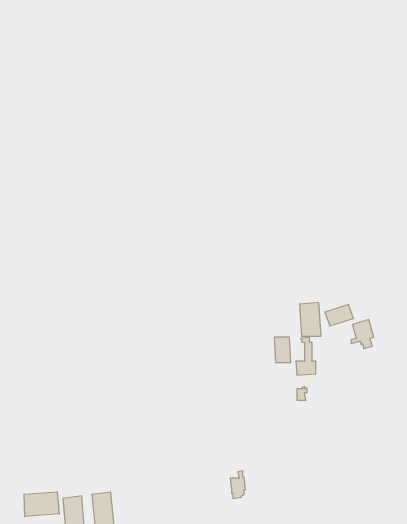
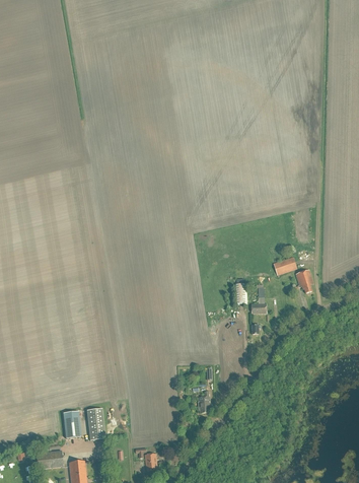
building: [300,302,321,337] -> none
building: [24,492,59,517] -> none

